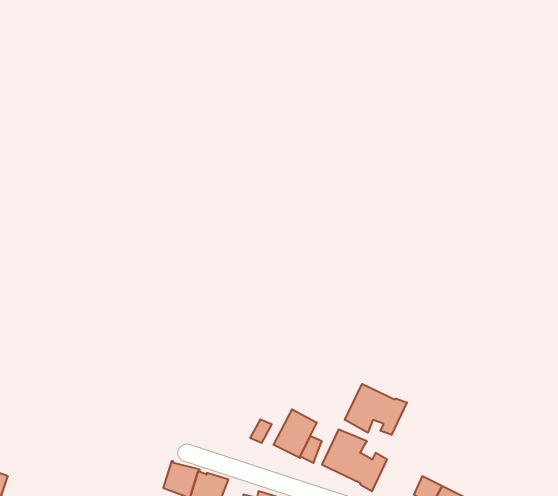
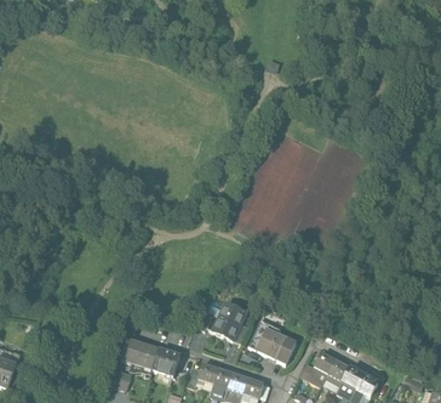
building: [345,384,407,435] -> none

